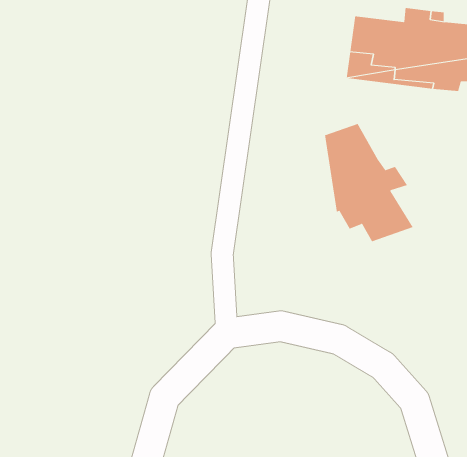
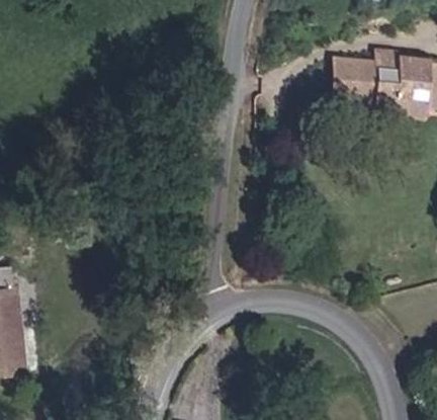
building: [324,123,413,242] -> none

